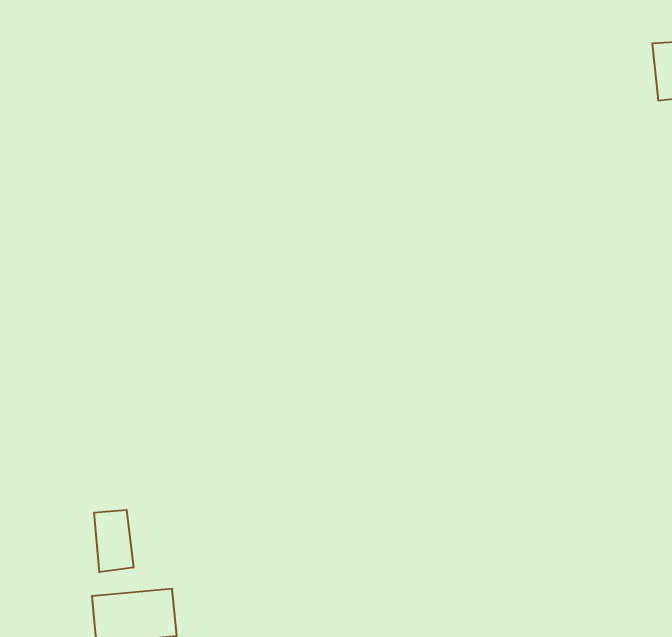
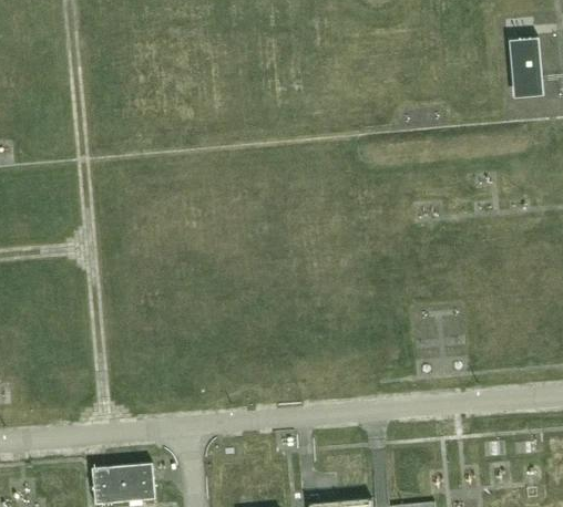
building: [94,510,133,572] -> none

